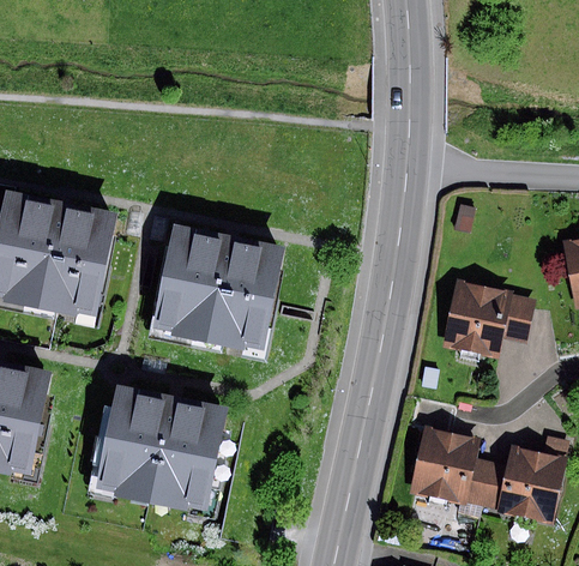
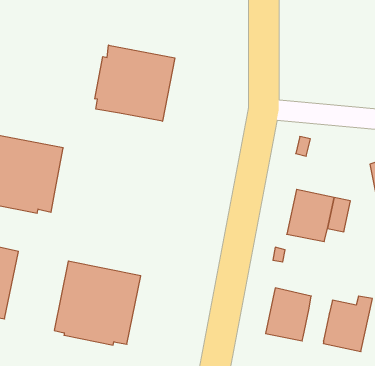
building: none -> [95,45,175,121]
building: [152,224,284,353] -> none
building: [465,459,503,505] -> none

